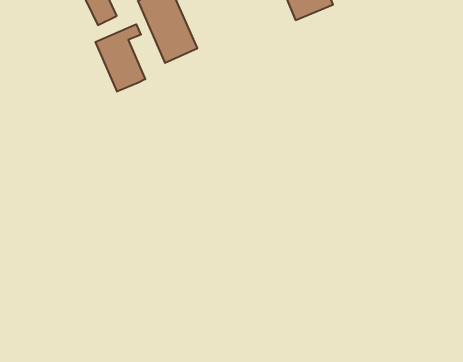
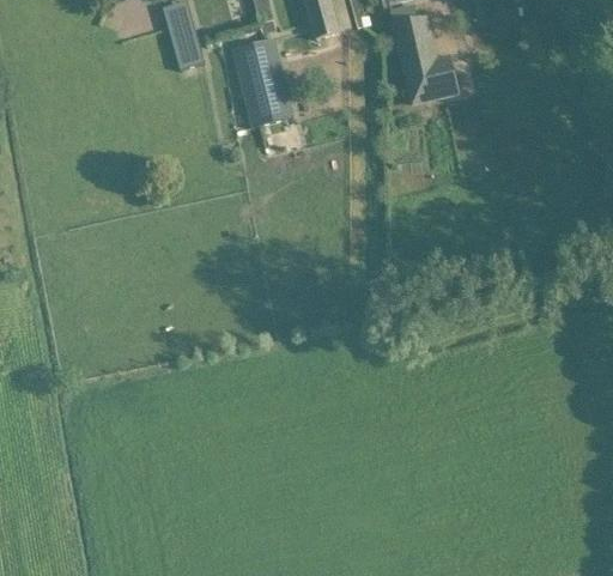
building: [95,24,145,92] -> none

